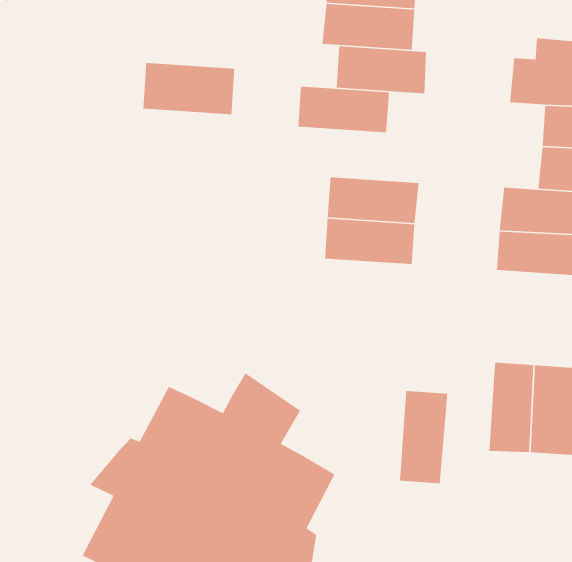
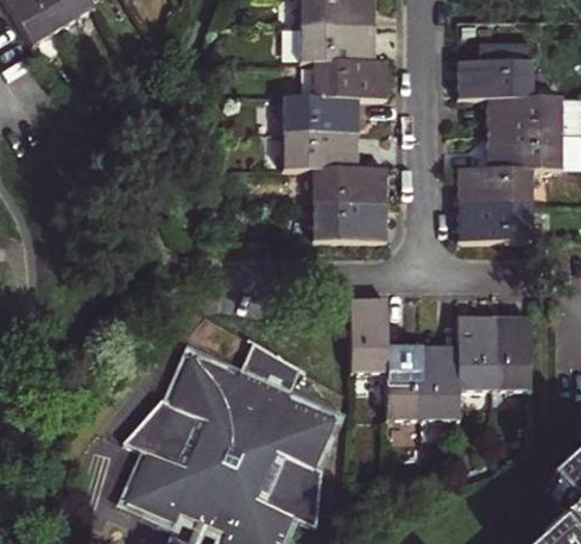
building: [142,62,235,115] -> [283,132,358,171]
building: none -> [352,299,387,372]
building: none -> [422,343,460,420]

